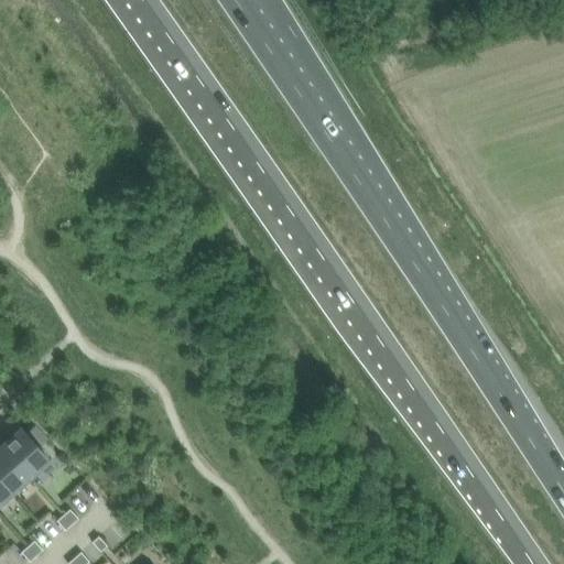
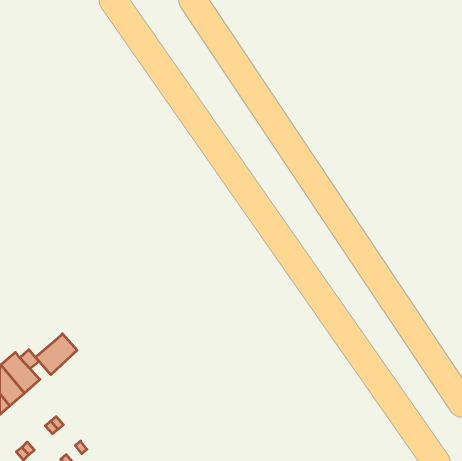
building: none -> [35,334,77,375]

